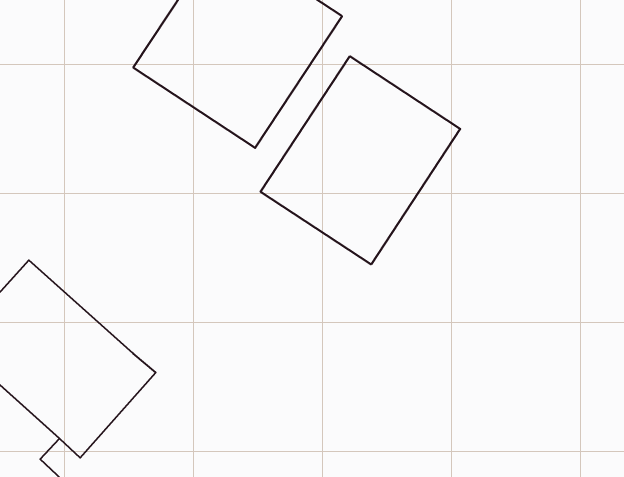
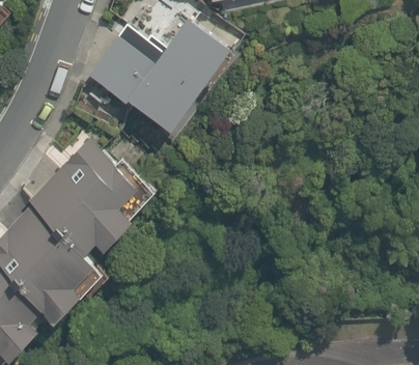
building: [261,56,460,264] -> none
building: none -> [27,136,152,262]

